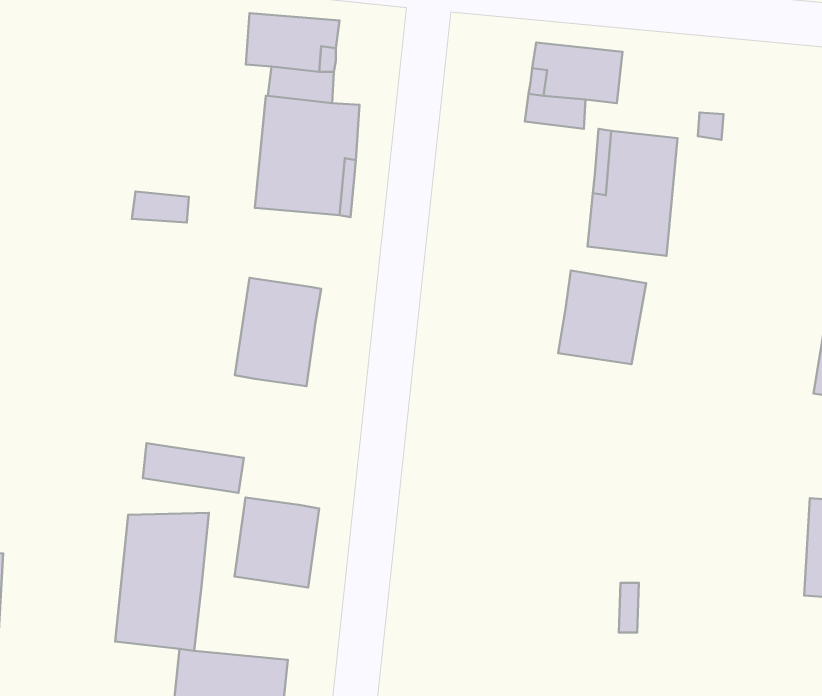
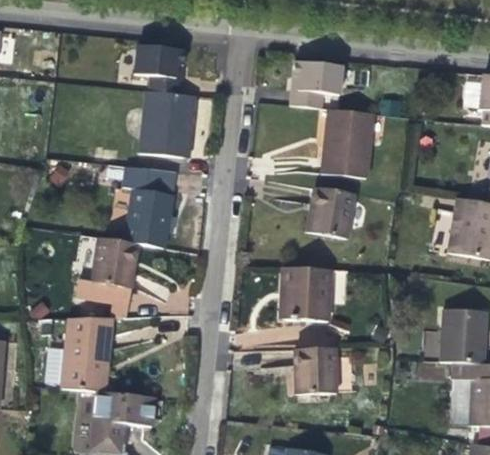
building: none -> [127,164,173,194]
building: none -> [281,266,329,320]
building: [235,498,319,588] -> [94,238,140,287]
building: none -> [293,345,335,391]

